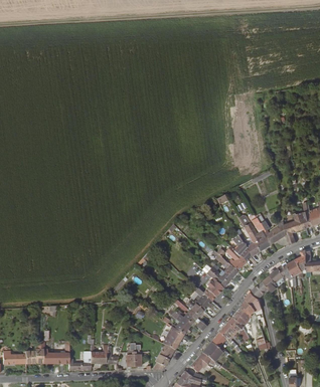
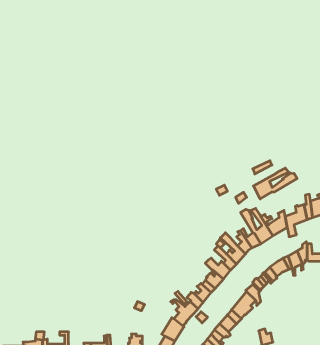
building: none -> [253,168,297,199]

